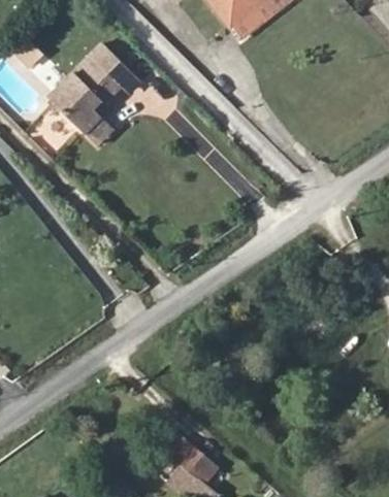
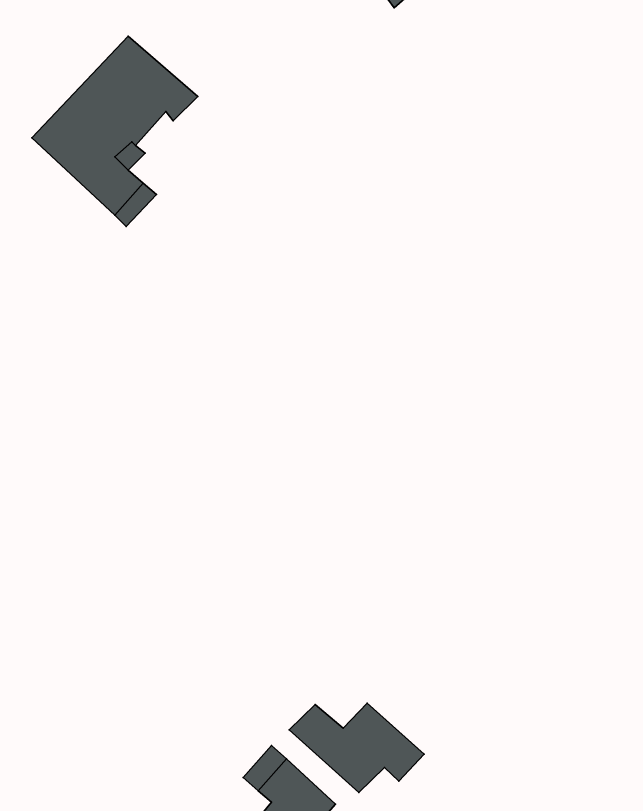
building: none -> [289,703,424,793]

